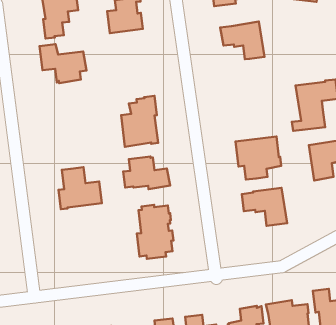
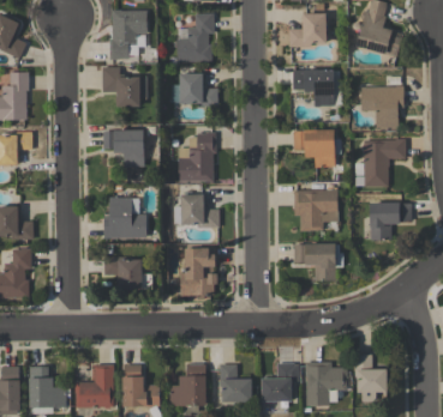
building: none -> [360,85,403,127]
building: none -> [179,72,217,107]
building: none -> [293,129,340,167]
building: none -> [103,129,144,167]
building: none -> [104,256,152,289]

